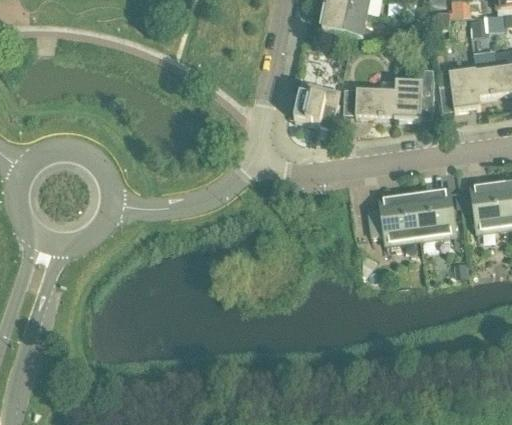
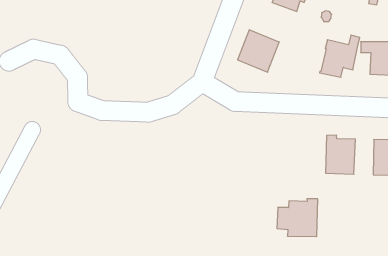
building: [345,84,398,116] -> none
building: [369,191,421,241] -> [277,199,318,237]

